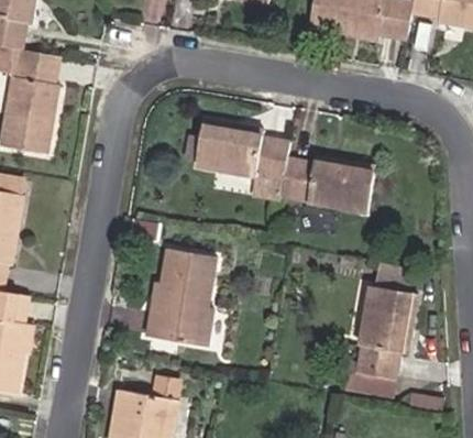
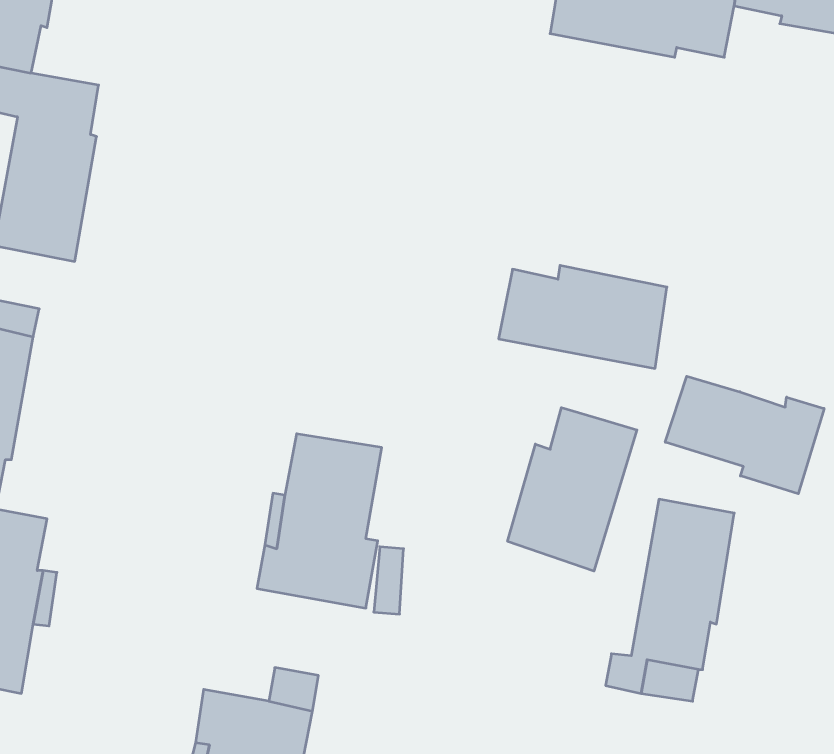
building: [194,119,290,179] -> none
building: none -> [665,376,824,494]
building: none -> [508,408,637,571]

